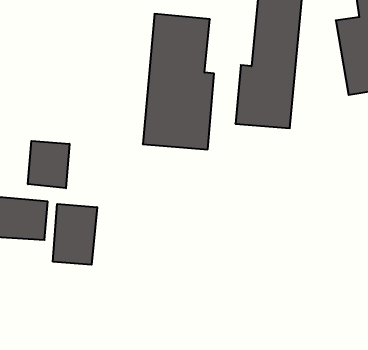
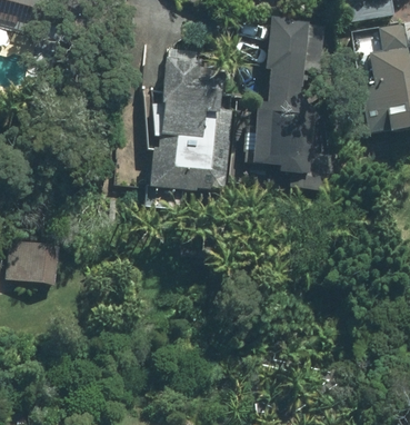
building: [28,141,69,188] -> none
building: [53,204,97,265] -> none

